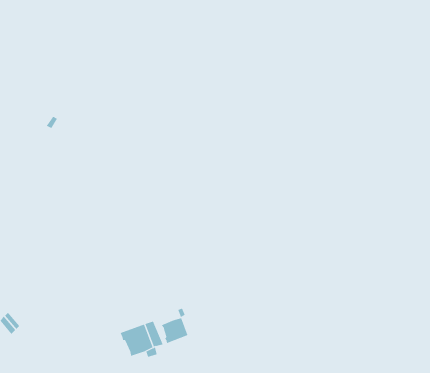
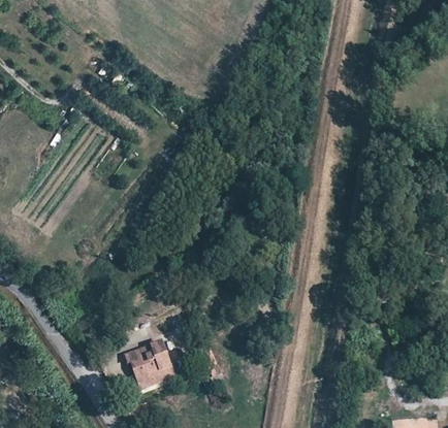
building: [161,318,188,344] -> none

